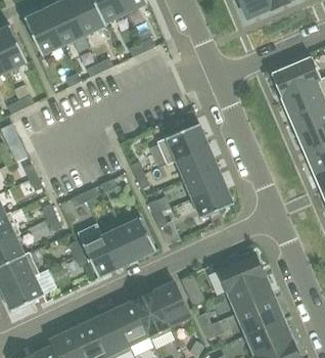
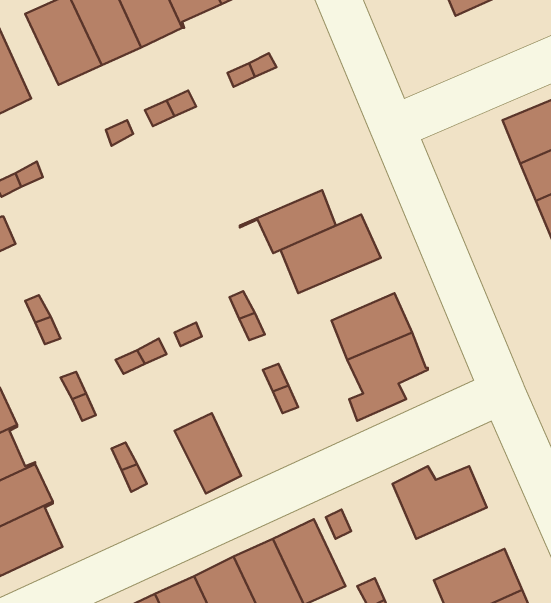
building: [166,145,216,178] -> [240,190,336,253]
building: [121,217,155,259] -> none
building: [77,224,118,277] -> none
building: [227,275,273,313] -> none

